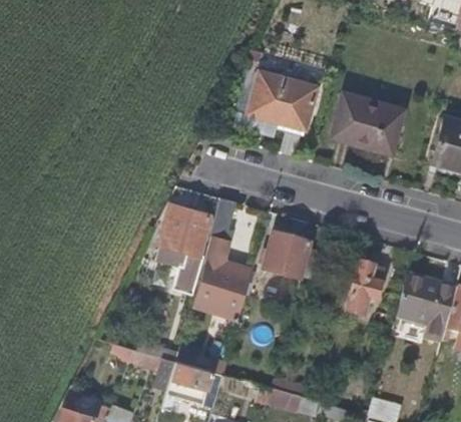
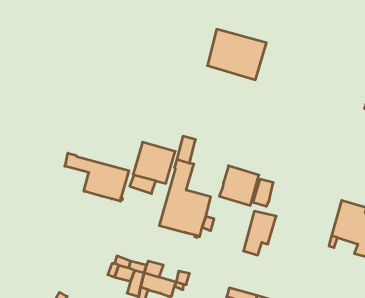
building: [334,92,405,152] -> none
building: none -> [65,153,129,201]
building: [346,263,385,315] -> [243,211,276,255]

